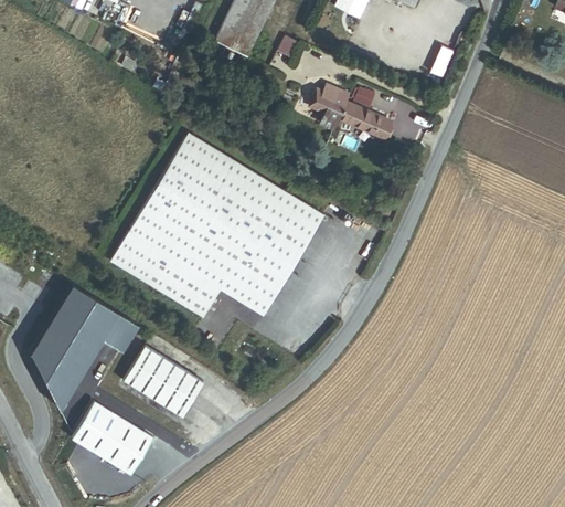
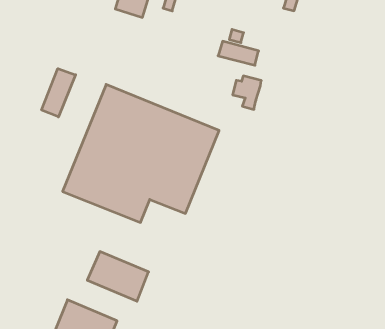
building: [309,85,349,130] -> [233,76,261,109]
building: none -> [42,69,76,117]
building: [36,291,141,415] -> none

